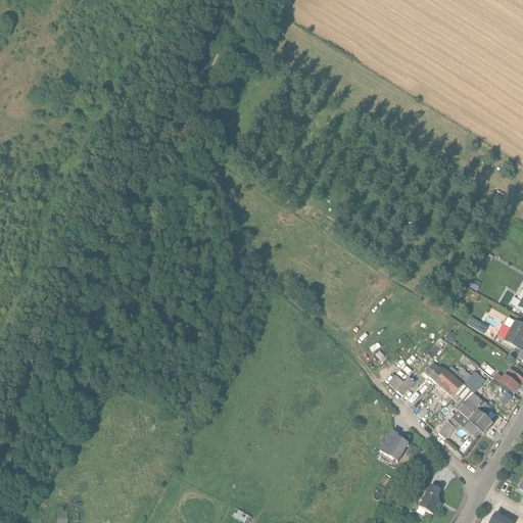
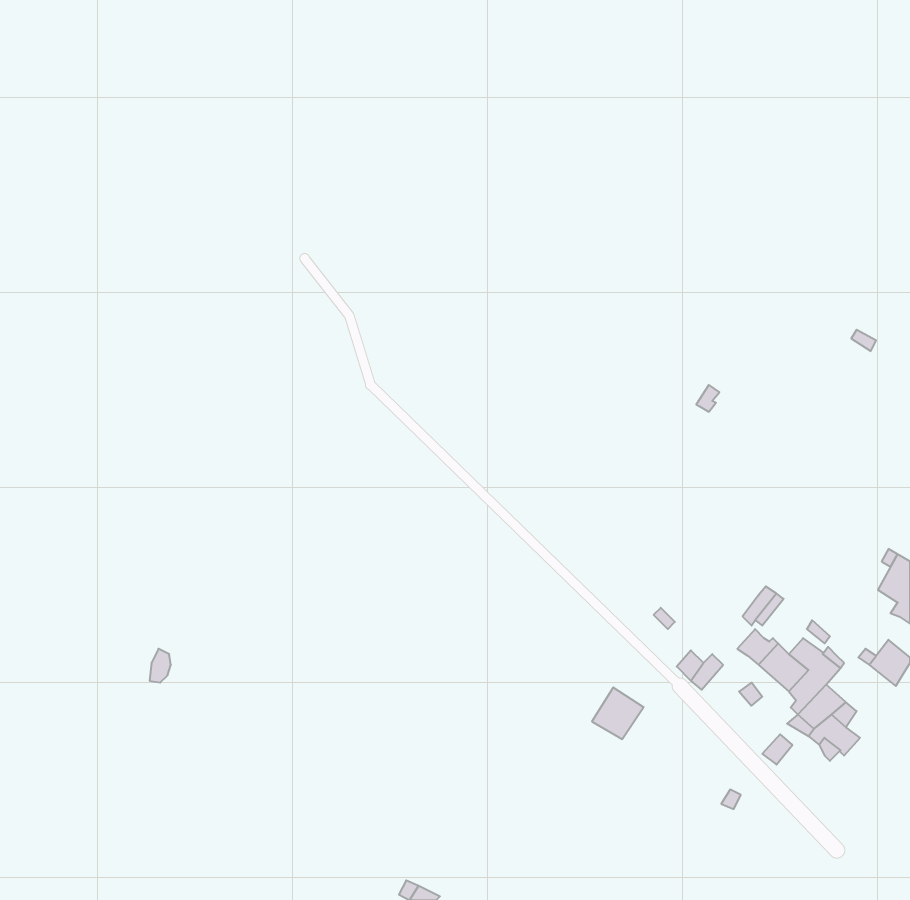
building: [380,429,410,459] -> [592,687,644,739]
building: [419,481,441,511] -> none

